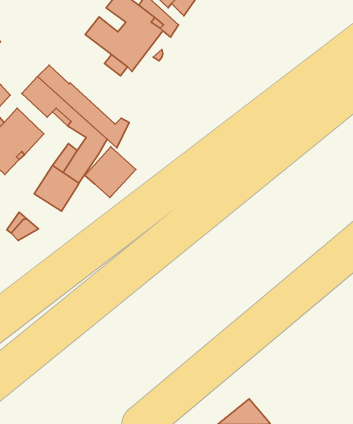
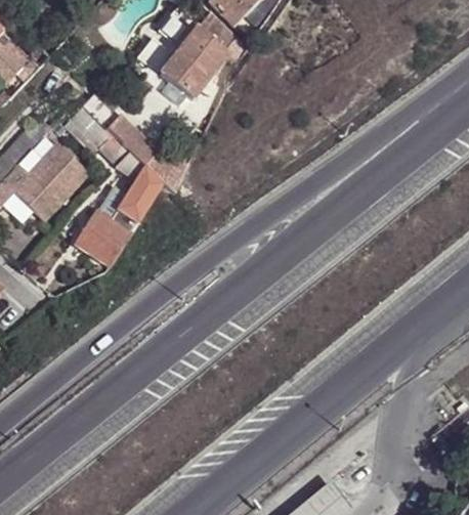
building: [85,147,136,197] -> none

